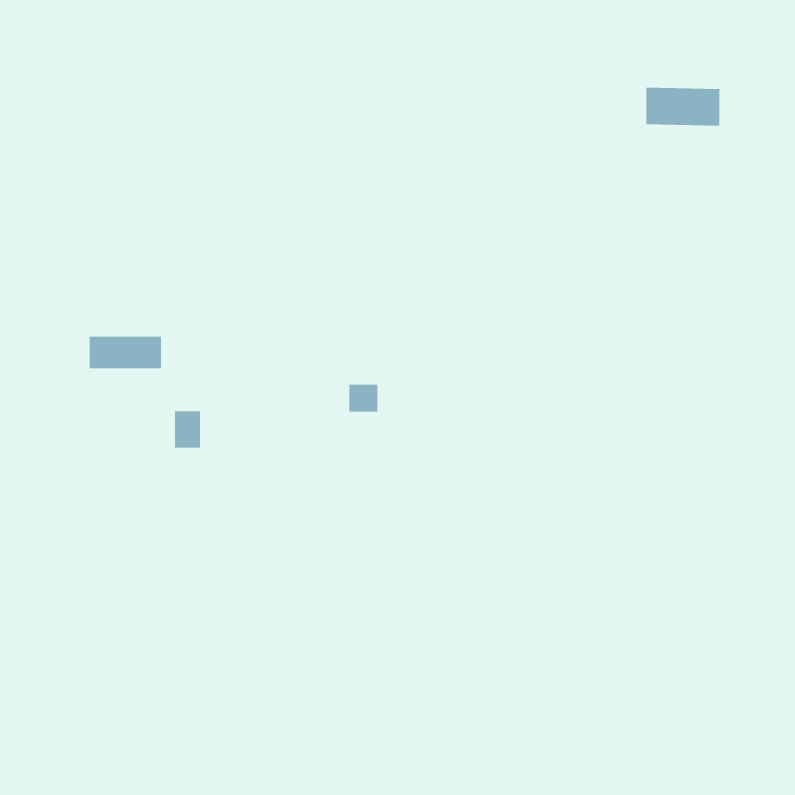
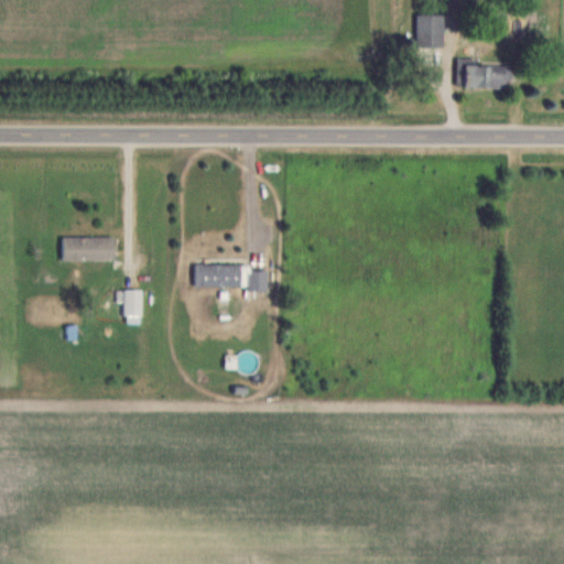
building: none -> [416,14,444,46]
building: none -> [195,265,241,288]

